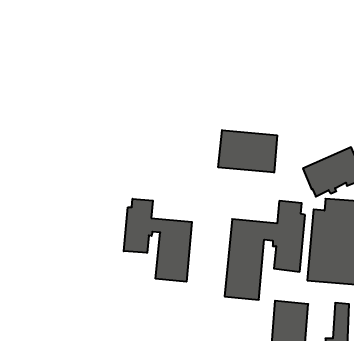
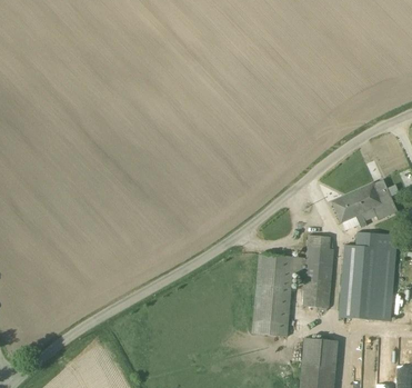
building: [218,130,277,173] -> none
building: [124,199,192,282] -> none

